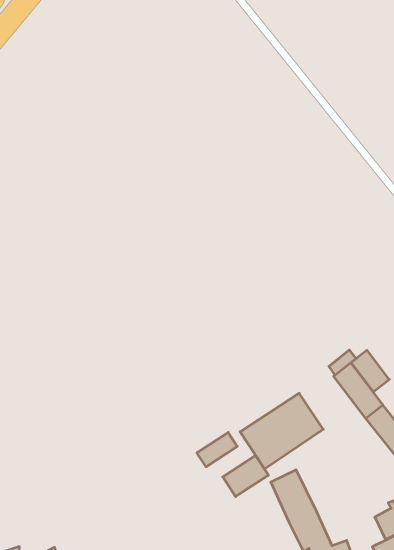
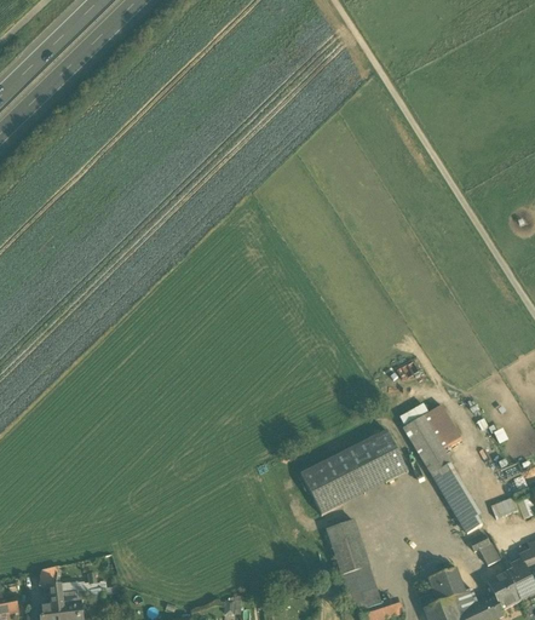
building: none -> [366,431,408,482]
building: [197,432,237,467] -> none
building: [223,456,268,497] -> none

